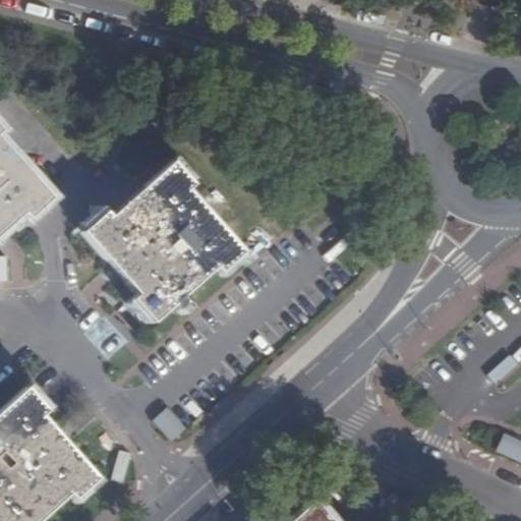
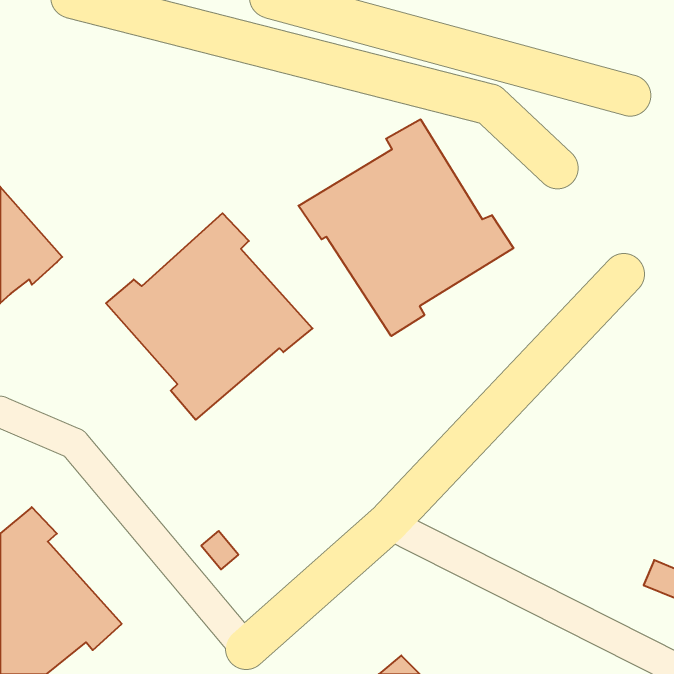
building: none -> [298,119,513,336]

